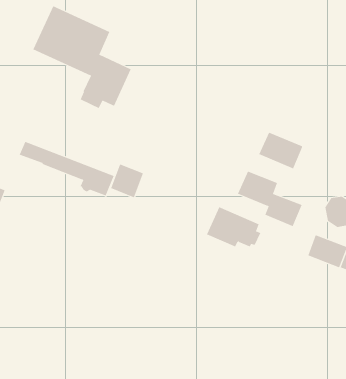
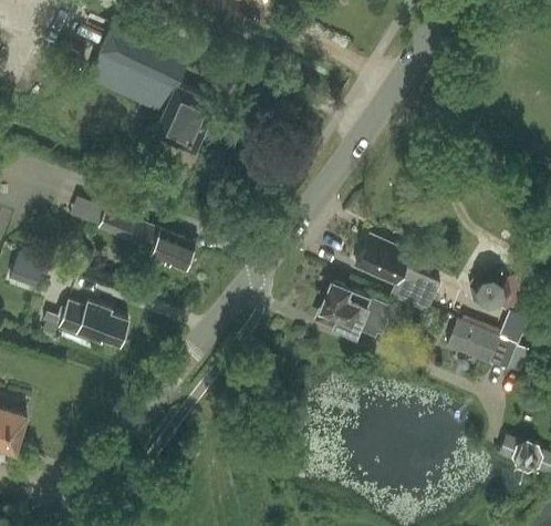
building: [259,132,303,169] -> none
building: [110,163,144,198] -> none
building: none -> [59,302,128,345]

